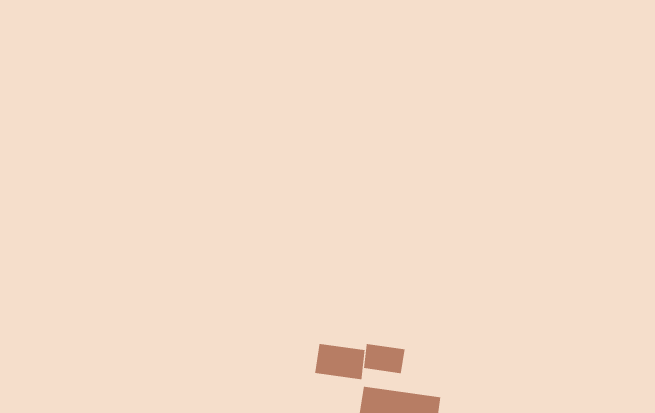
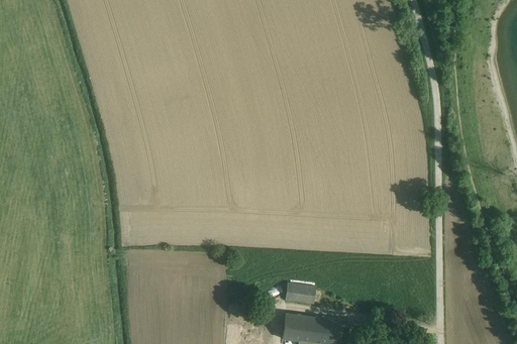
building: [314,343,365,380] -> none

